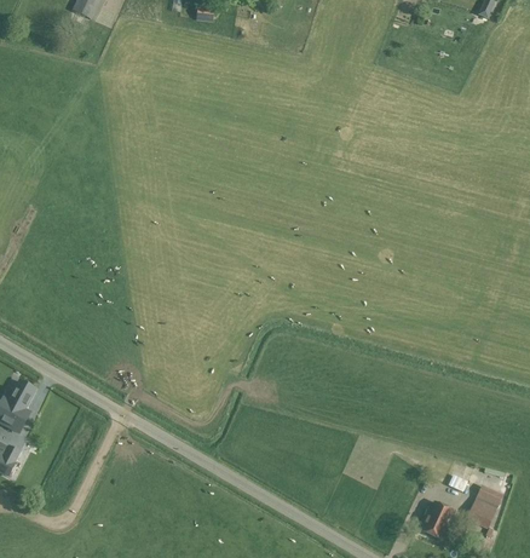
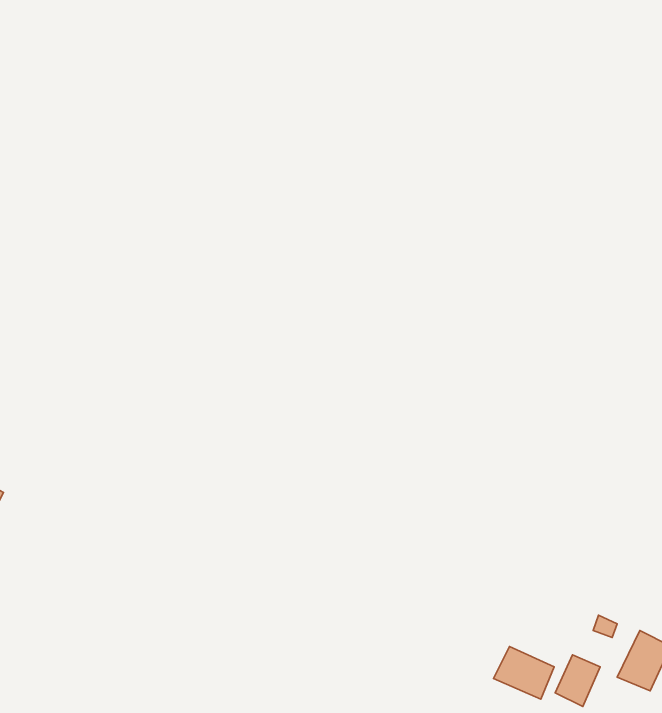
building: none -> [494,647,554,699]

